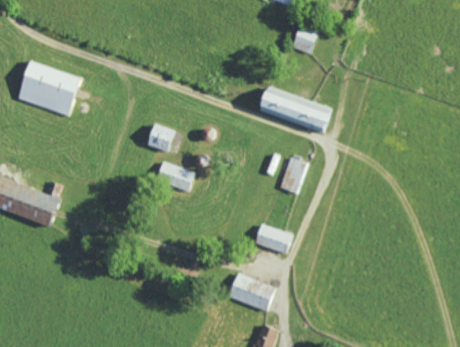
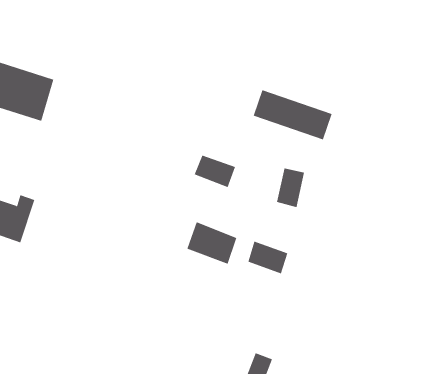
building: [291,24,318,53] -> none
building: [146,123,173,151] -> none
building: [155,161,193,191] -> [194,155,236,188]
building: [228,272,274,311] -> [186,221,237,264]

